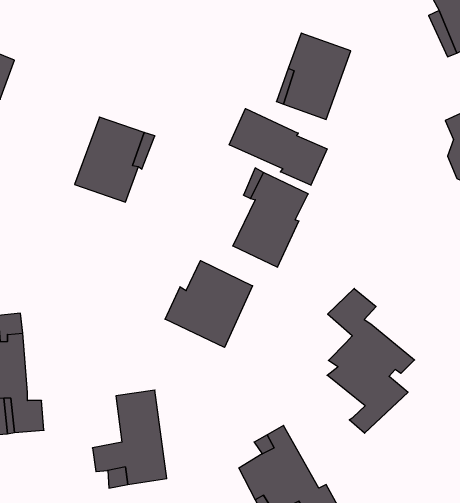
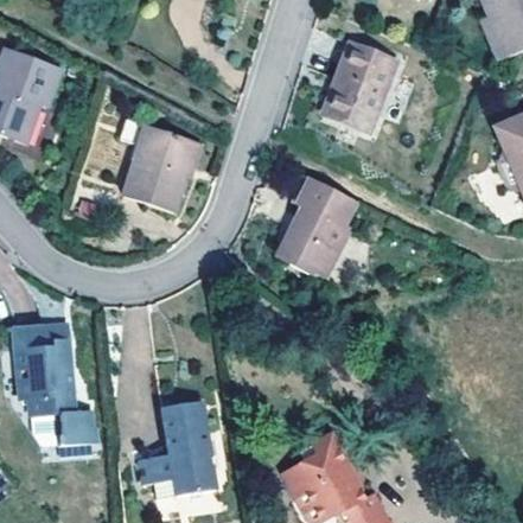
building: [229,109,327,185] -> none
building: [165,261,253,347] -> none
building: [327,288,415,433] -> none

